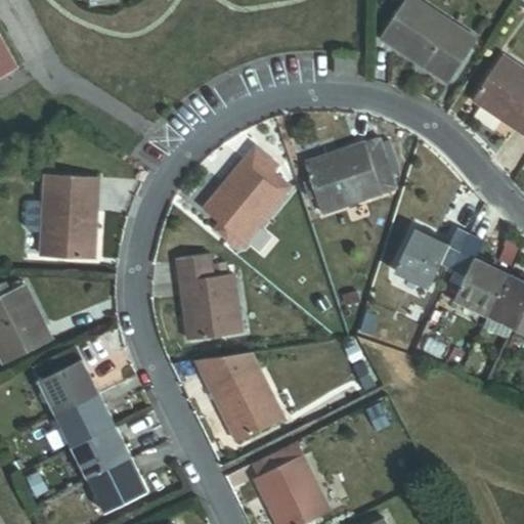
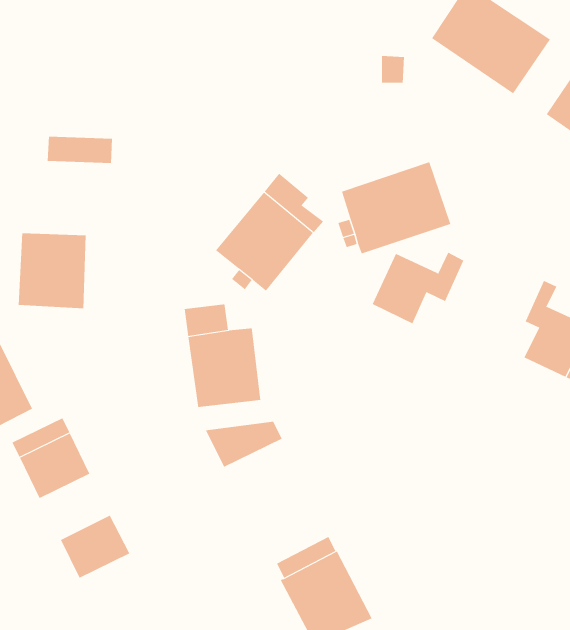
building: [43,176,97,199] -> [47,136,113,164]
building: [395,228,471,288] -> [372,252,464,324]
building: [209,365,283,442] -> none
building: [57,394,116,448] -> none
building: [90,460,148,514] -> none

